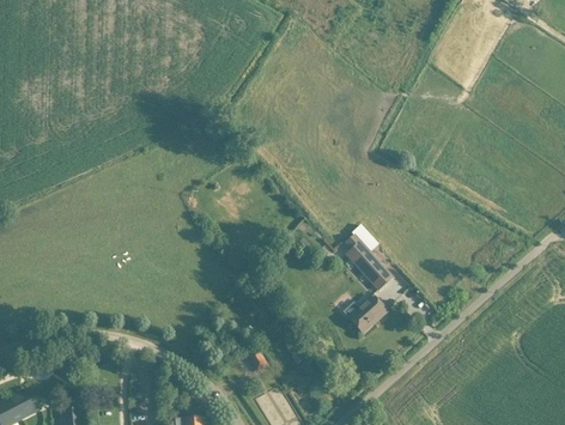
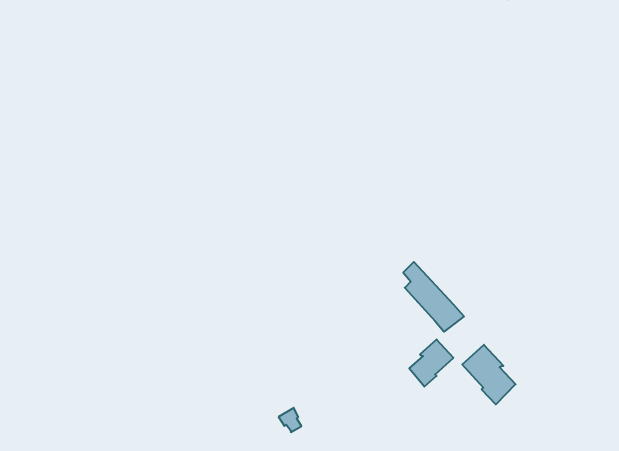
building: none -> [462,345,516,404]

